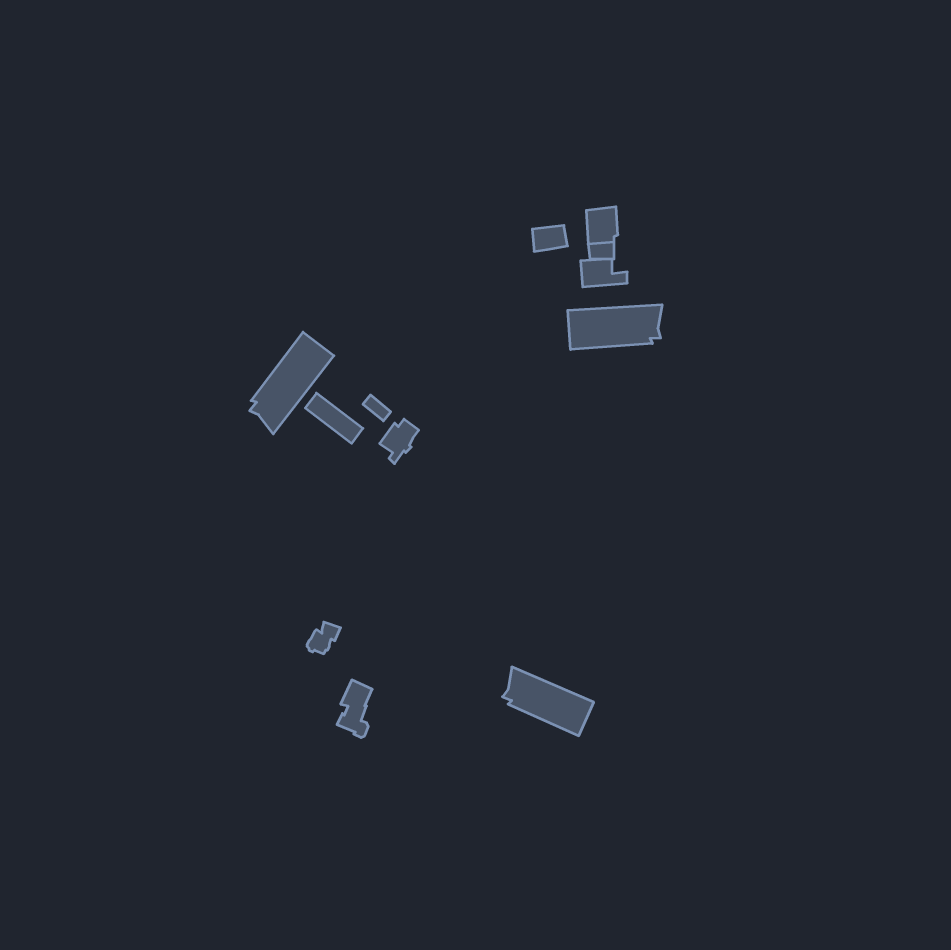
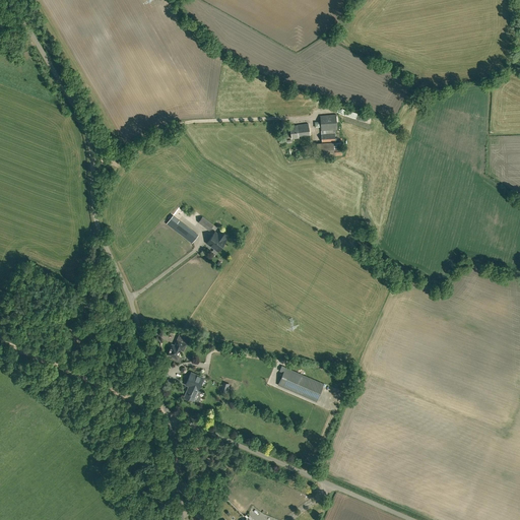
building: [568,305,662,350] -> none
building: [250,332,334,434] -> none

